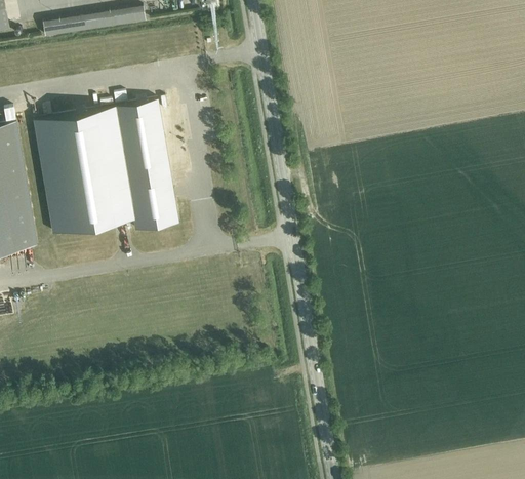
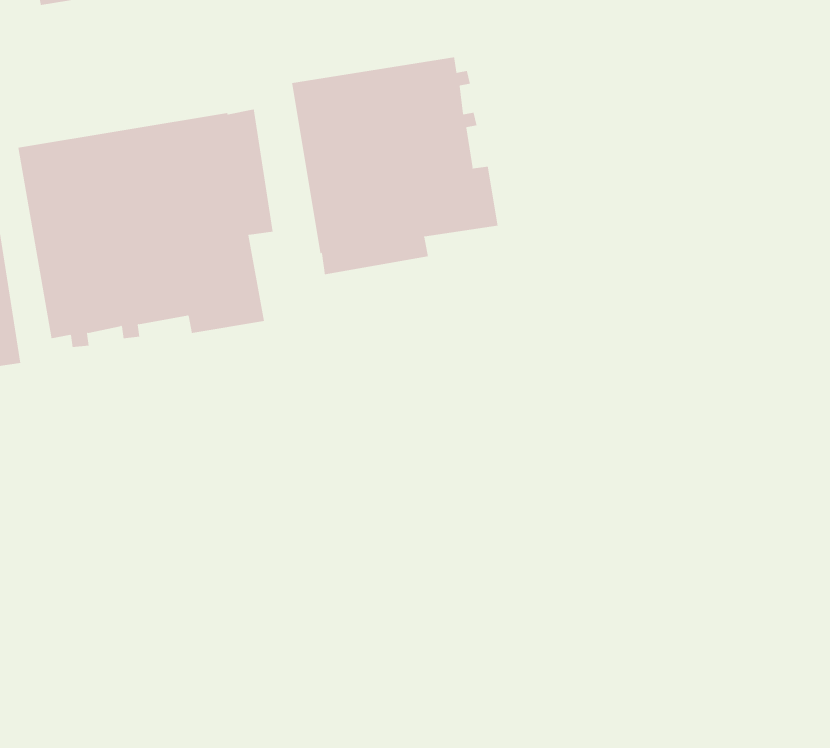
building: none -> [291,56,498,275]

